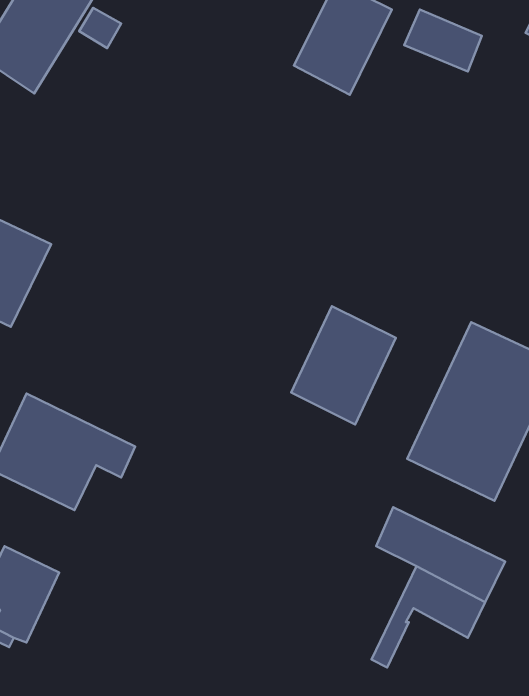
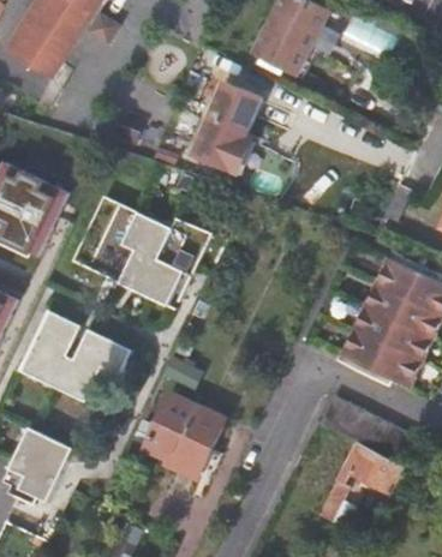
building: none -> [191,82,259,174]
building: none -> [73,197,210,309]
building: [291,306,396,424] -> none
building: none -> [143,395,226,484]

